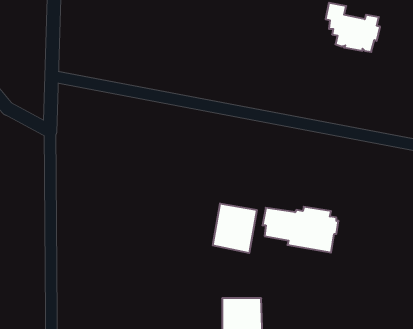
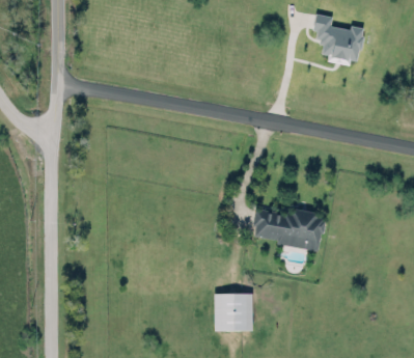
building: [213,203,257,253] -> none

